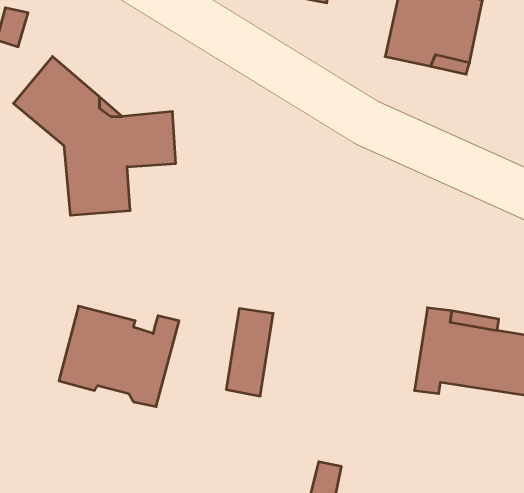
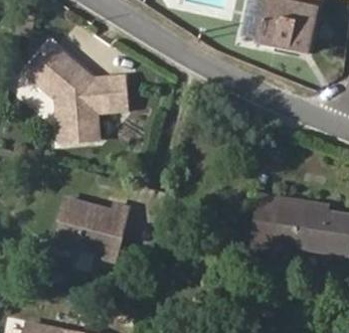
building: [226,309,273,396] -> [253,195,283,249]

